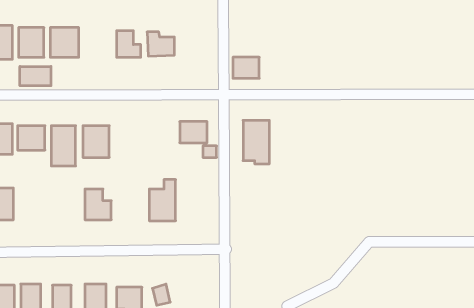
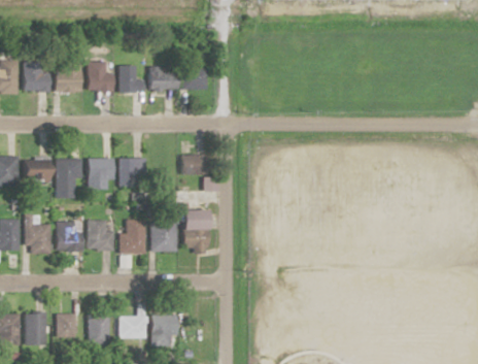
building: none -> [87,62,112,91]
building: [233,57,259,78] -> [182,68,208,89]
building: [20,66,51,86] -> none
building: [243,120,269,164] -> [182,209,208,252]
building: none -> [120,158,144,186]
building: none -> [25,214,50,254]
building: none -> [120,219,145,253]
building: none -> [56,222,82,250]

